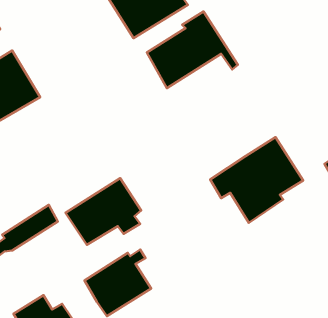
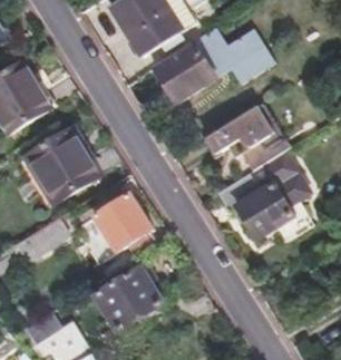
building: none -> [213,22,275,78]
building: none -> [207,101,292,169]
building: none -> [20,132,98,208]

